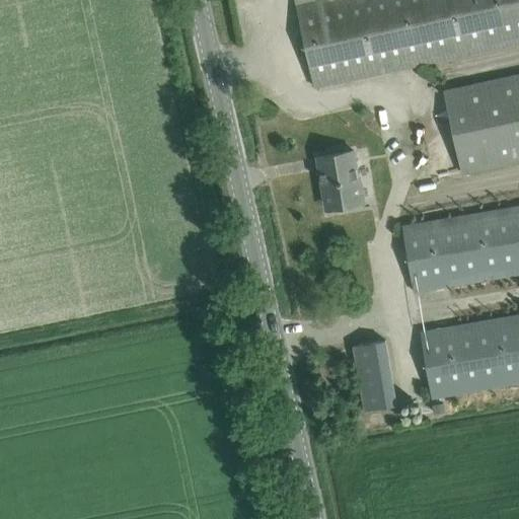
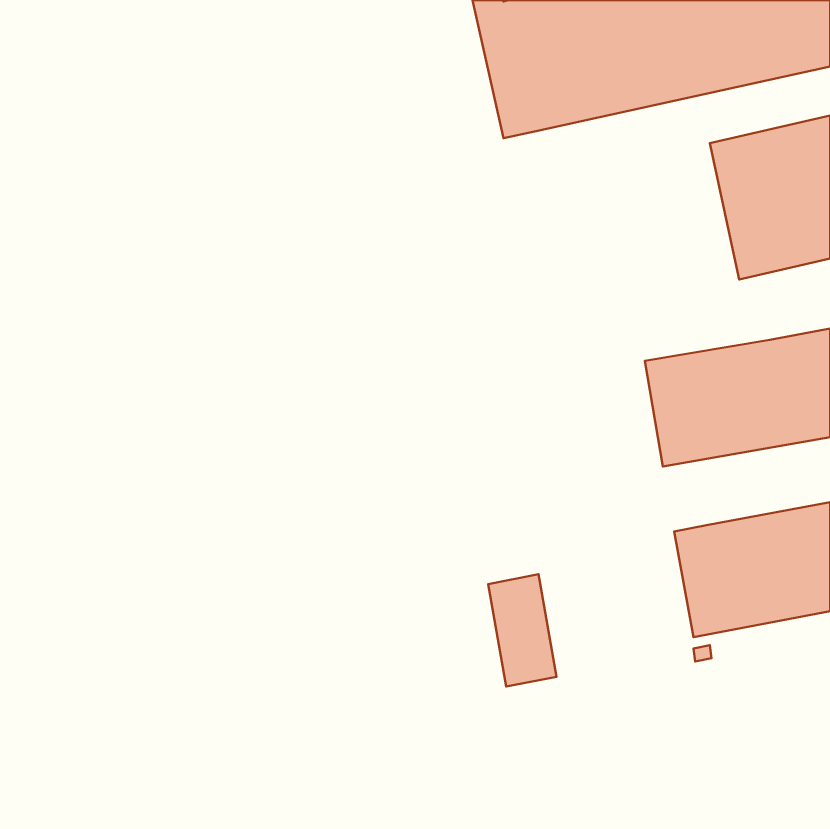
building: [317,151,361,209] -> none
building: [354,341,396,411] -> [488,574,556,686]

